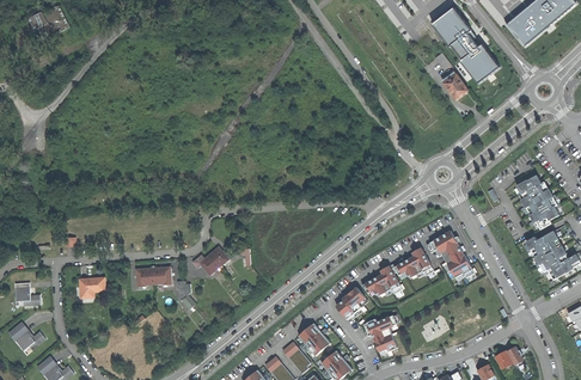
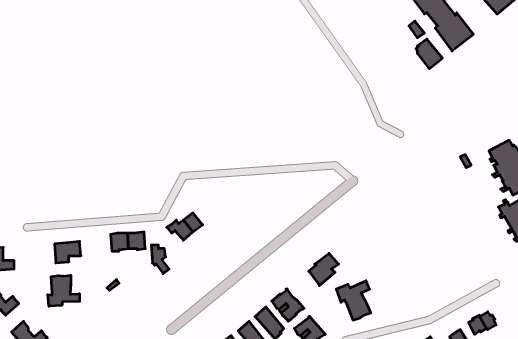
building: [426,229,476,280] -> none
building: [361,247,433,296] -> none
building: none -> [48,275,80,306]

